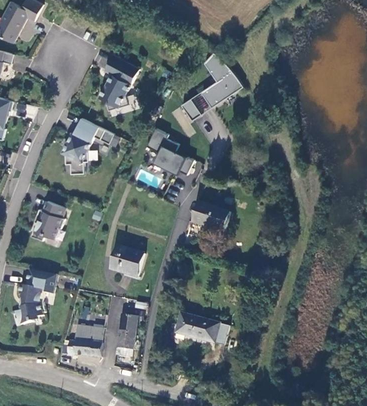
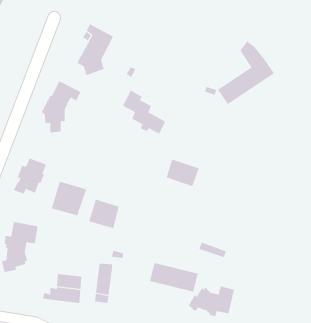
building: [182,51,244,120] -> [217,40,275,105]
building: none -> [51,181,87,216]
building: none -> [188,286,234,317]

